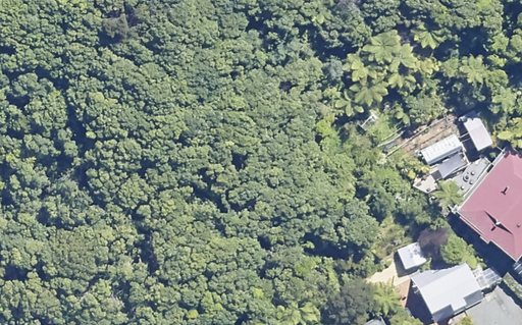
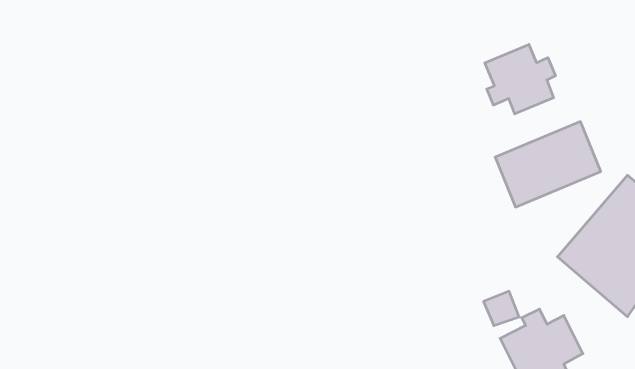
building: none -> [485,44,555,114]

